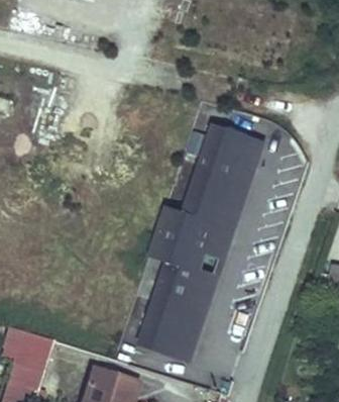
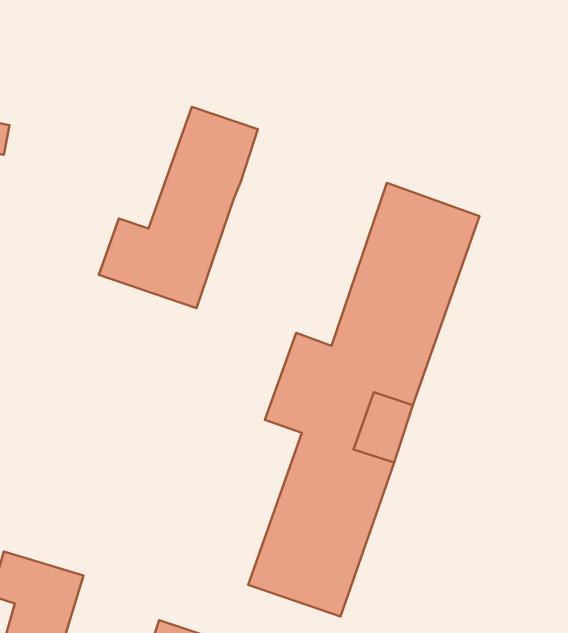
building: none -> [99,107,258,308]

